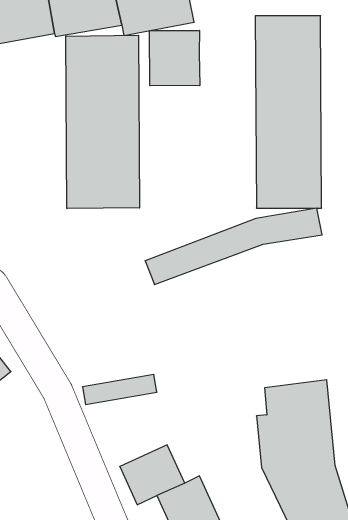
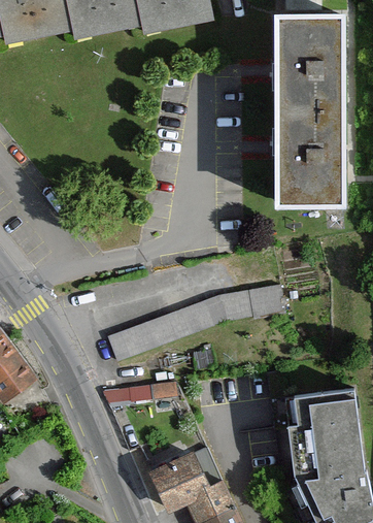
building: [150,30,200,86] -> none
building: [66,35,139,209] -> none
building: [145,208,322,285] -> [107,283,283,359]

